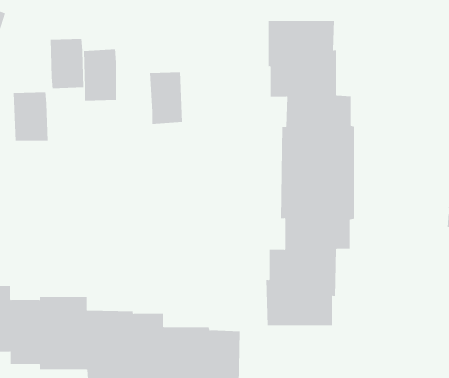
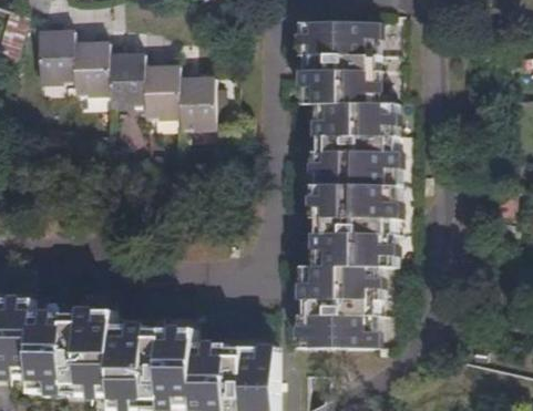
building: none -> [143,65,180,120]
building: [13,92,48,141] -> [35,30,73,82]

